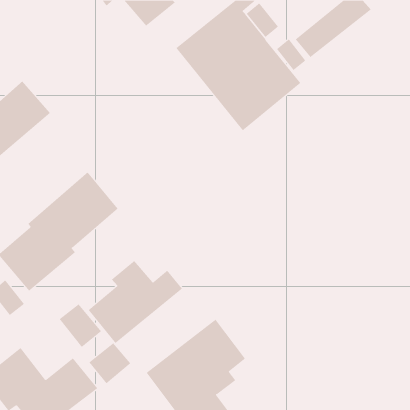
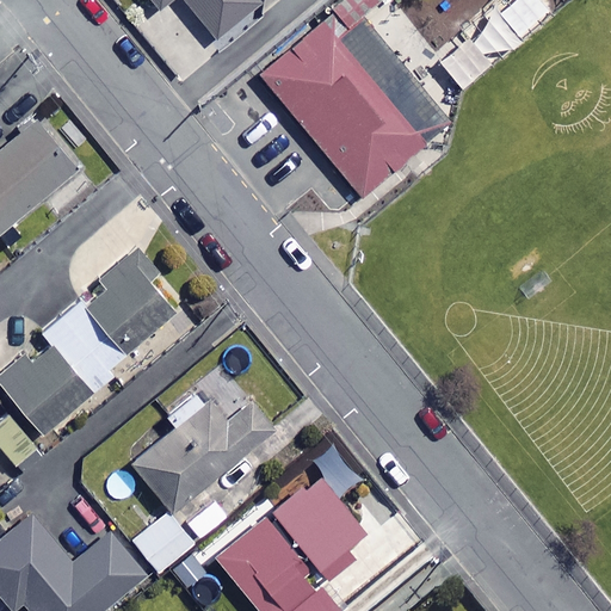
building: [59,303,102,348] -> none

